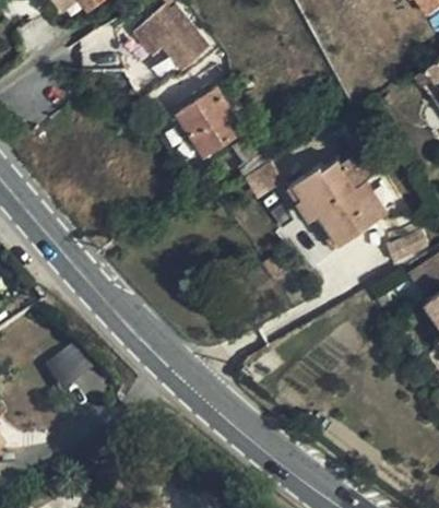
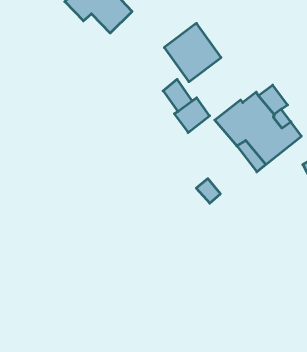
building: [179,86,244,153] -> [164,23,221,82]
building: [41,344,88,390] -> none

